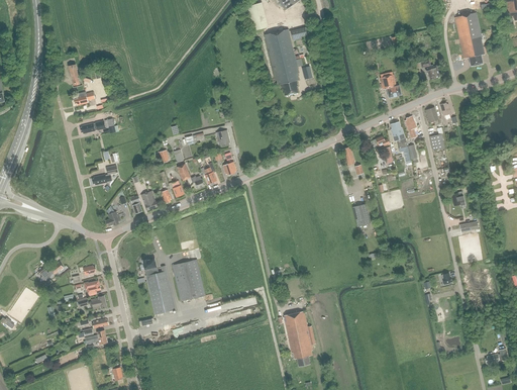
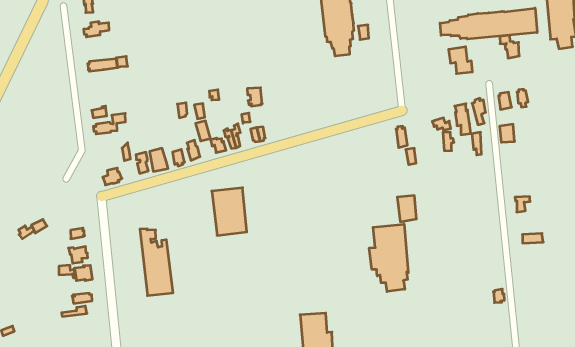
building: none -> [440,8,537,39]
building: none -> [369,224,408,292]
building: [171,259,204,301] -> [212,188,247,235]

